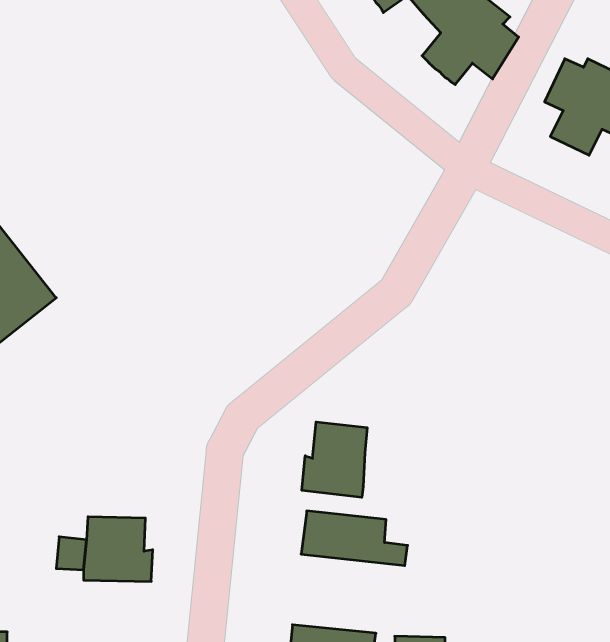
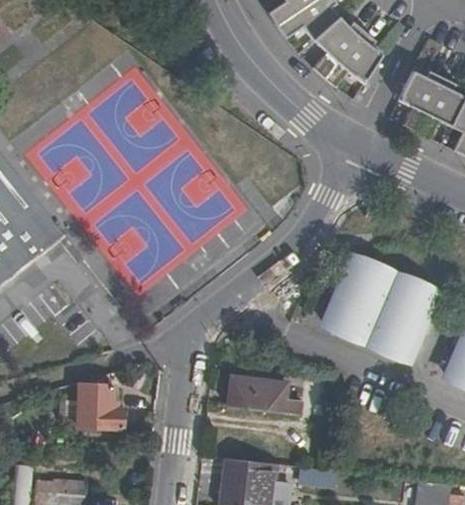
building: none -> [322,265,432,363]
building: [302,422,367,497] -> none

